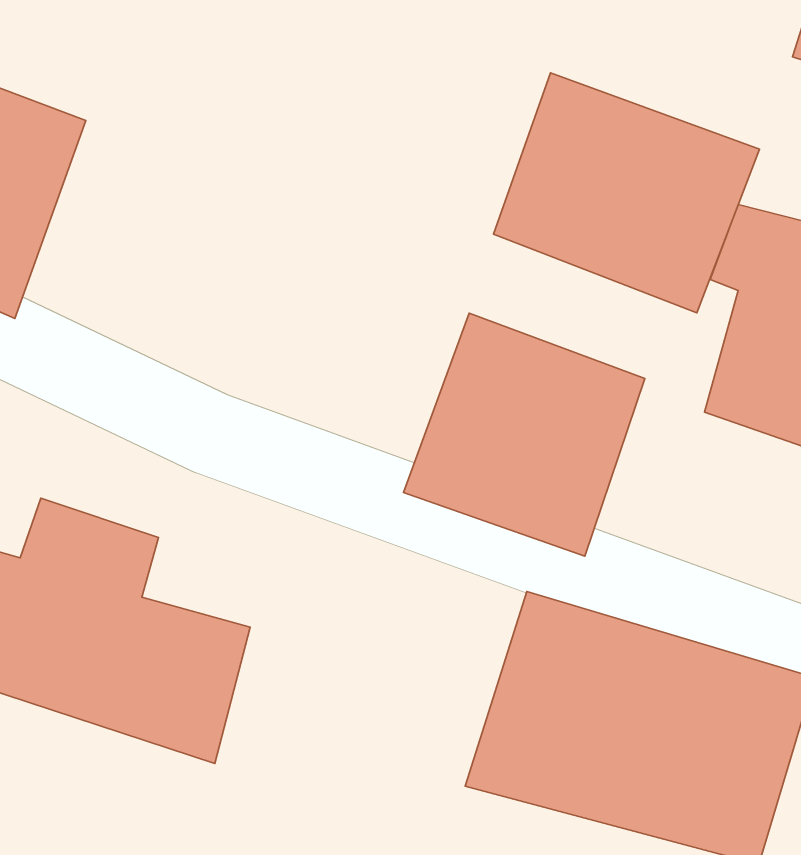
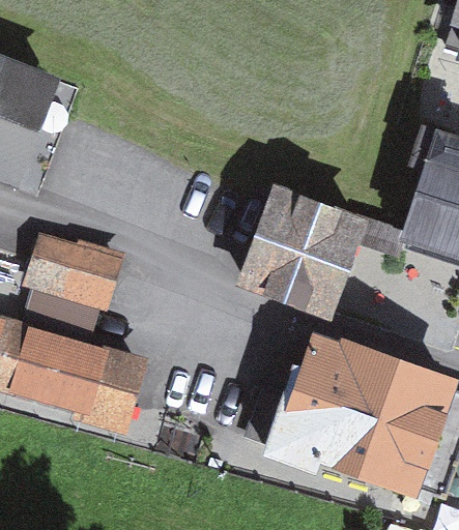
building: [493,73,760,313] -> none
building: none -> [25,236,125,312]

